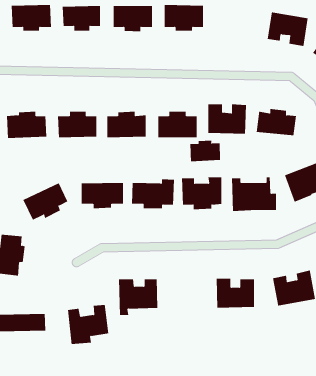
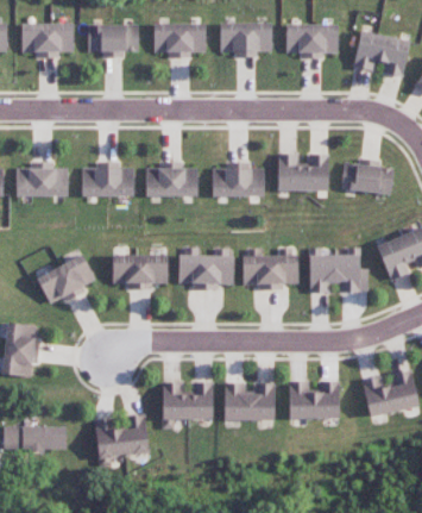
building: none -> [285,24,338,58]
building: [190,140,221,162] -> none
building: none -> [223,381,275,420]

